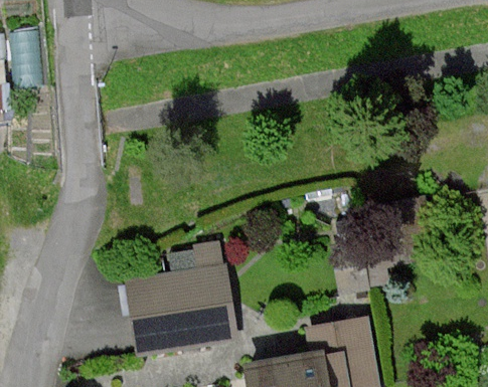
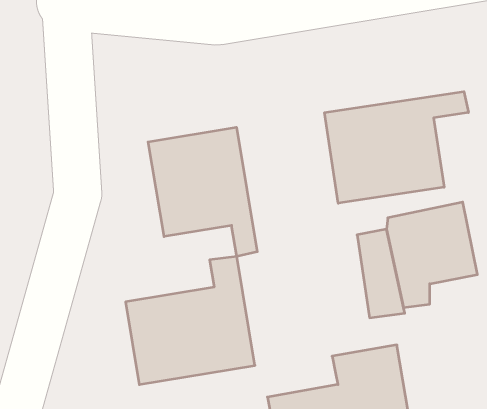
building: none -> [325,92,468,203]
building: none -> [148,127,257,257]

